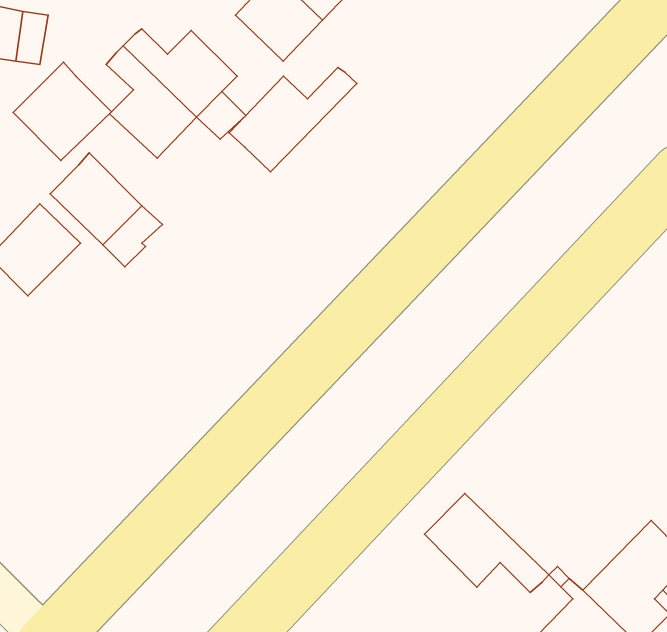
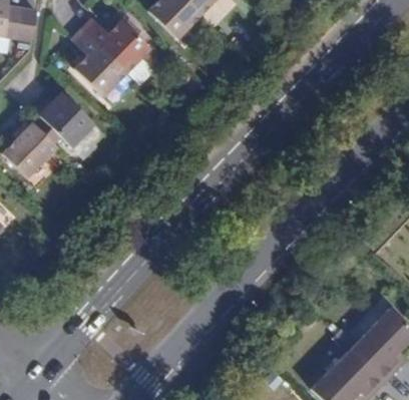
building: [13,62,112,160] -> none
building: [229,67,357,172] -> none
building: [424,493,549,593] -> none

